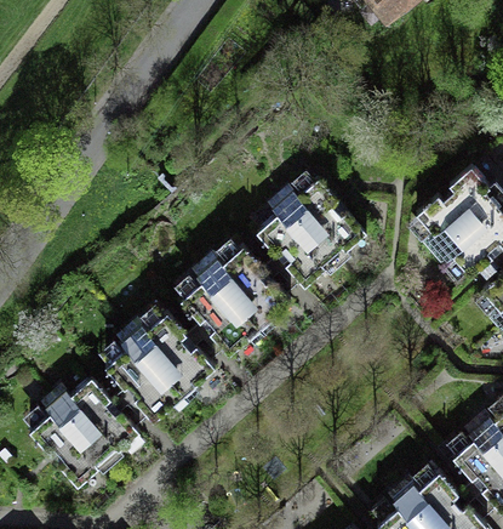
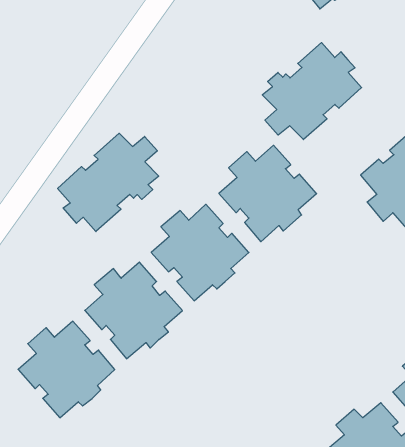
building: none -> [262,43,362,140]
building: none -> [58,133,159,232]

